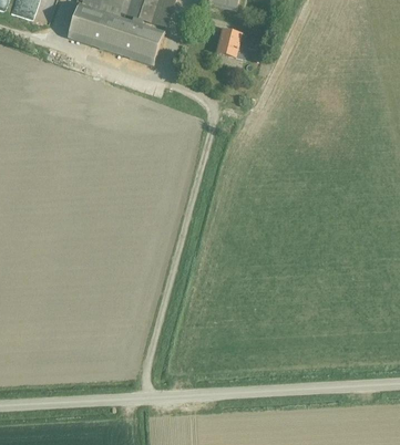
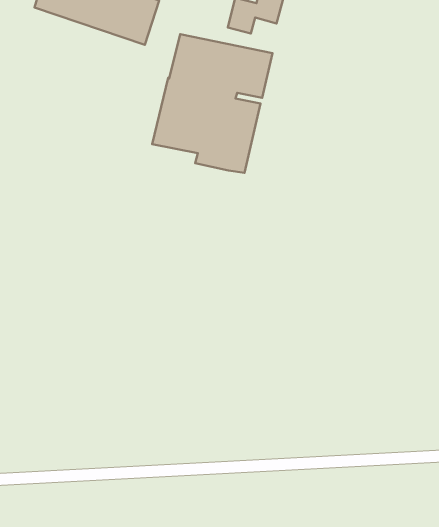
building: none -> [152,34,272,173]

